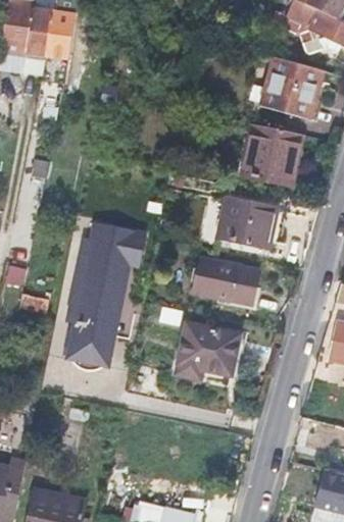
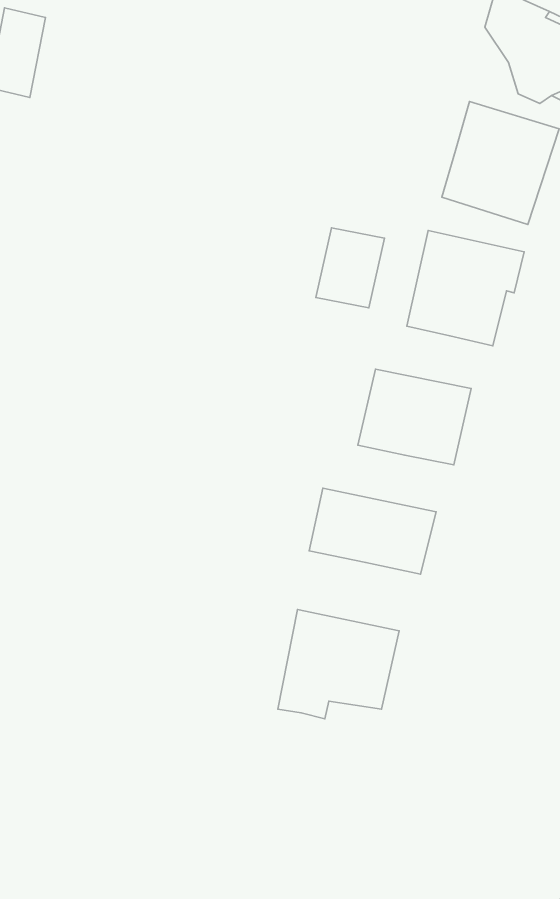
building: [46,13,75,59] -> none
building: none -> [316,228,384,308]
building: [64,221,139,370] -> none

